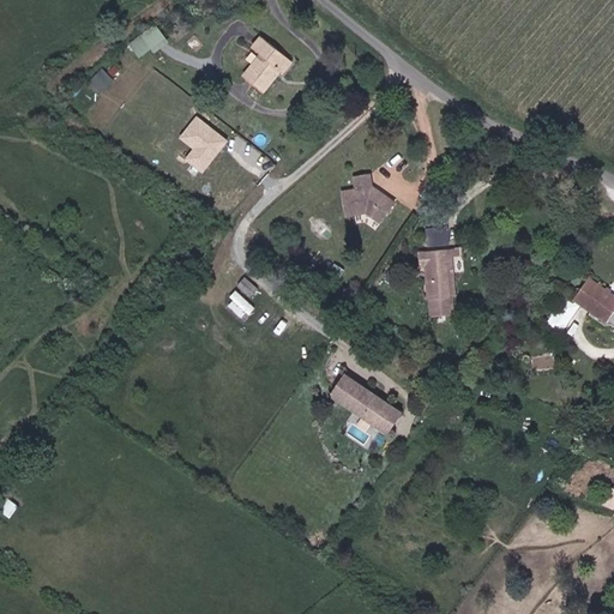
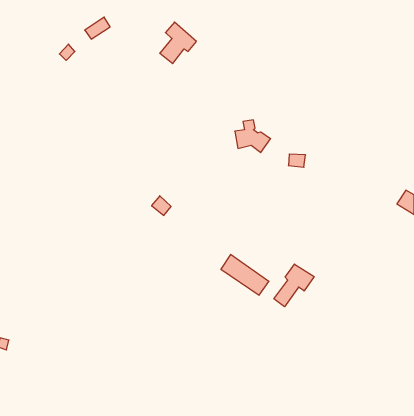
building: [175,112,227,171] -> none
building: [422,249,457,317] -> none
building: none -> [274,264,314,307]

